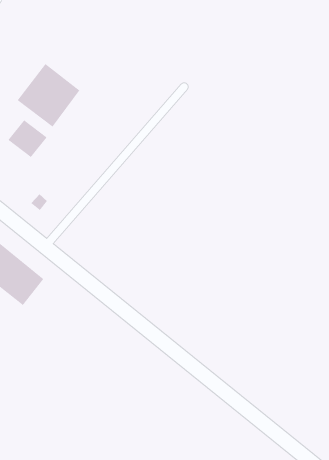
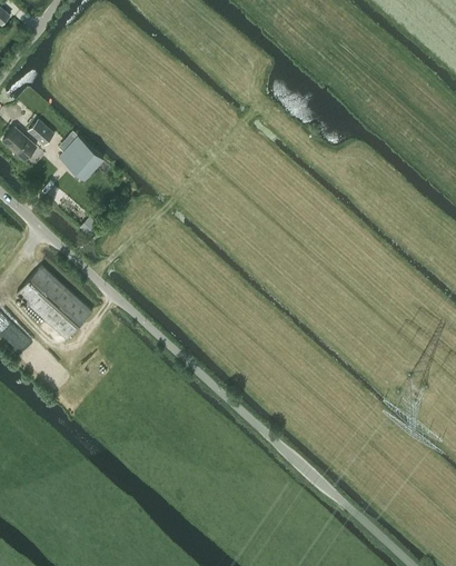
building: [17,63,80,127] -> none

